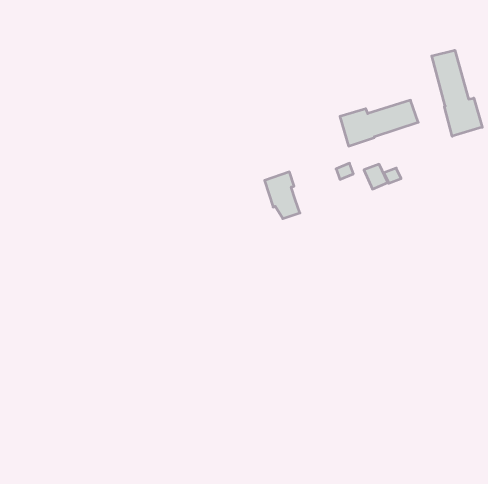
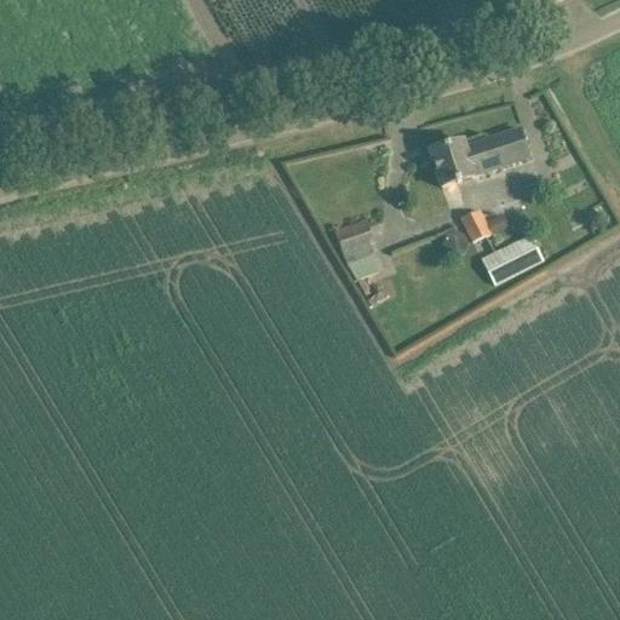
building: [432,50,482,136] -> none
building: none -> [481,232,544,285]

